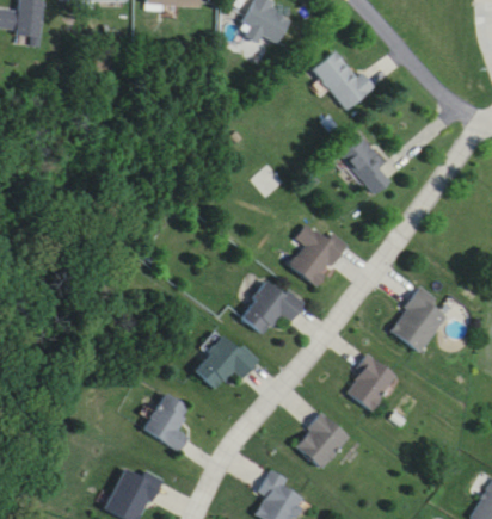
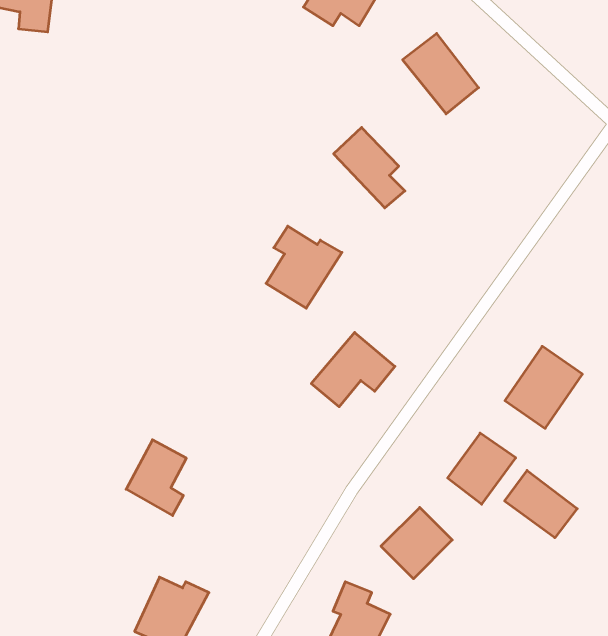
building: [336,134,390,196] -> [334,127,405,208]
building: [289,224,348,288] -> [266,226,342,308]
building: [195,330,257,391] -> none
building: none -> [505,470,577,538]
building: [143,394,190,452] -> [126,440,186,516]

